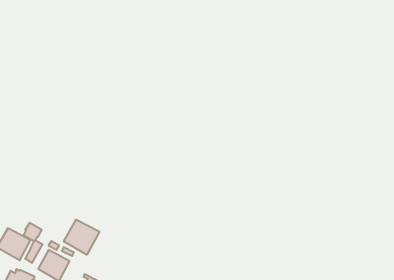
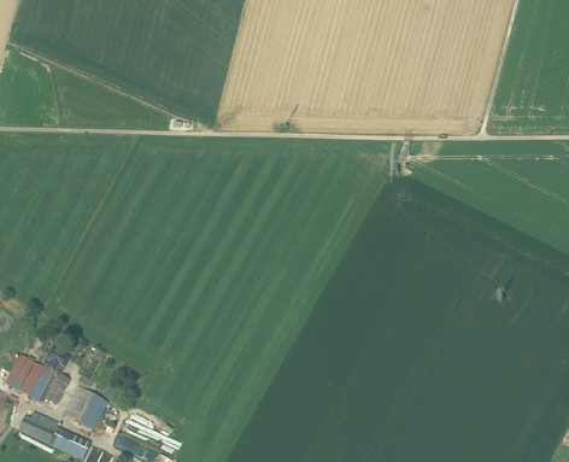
building: [64,220,99,255] -> none

